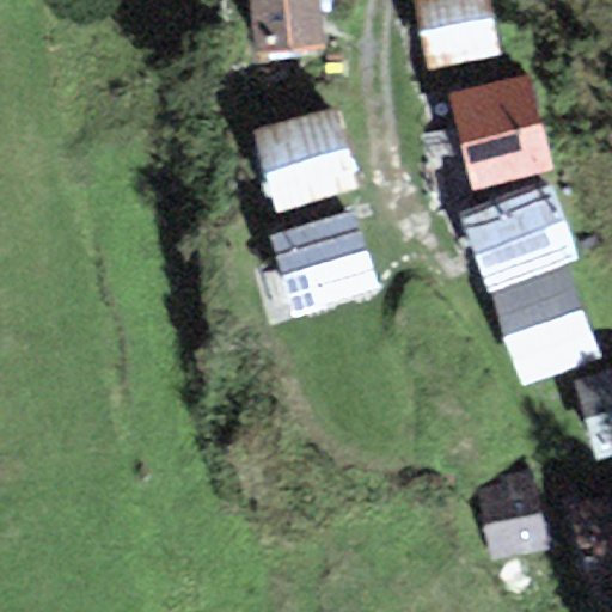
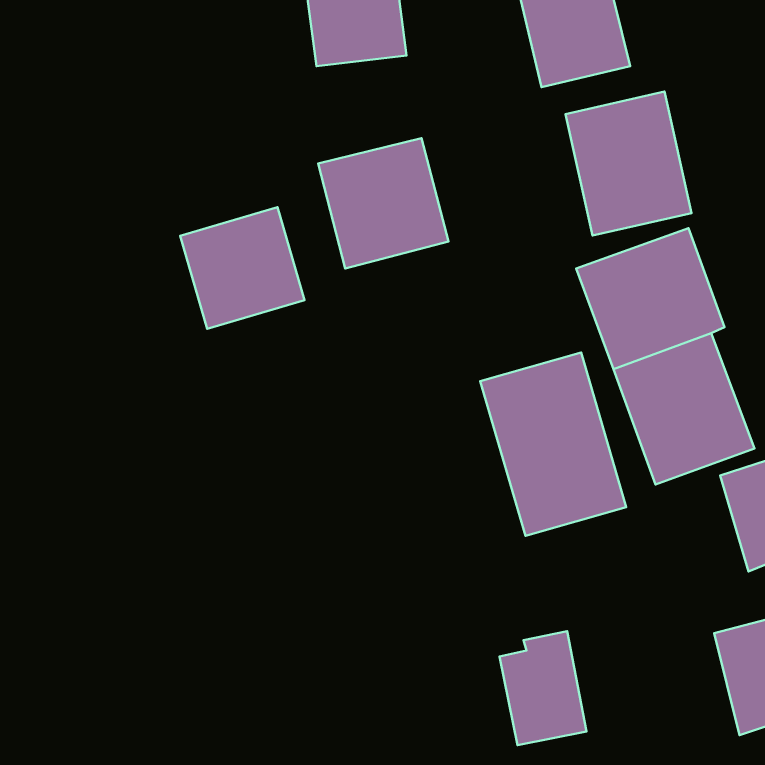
building: [276,216,375,313] -> [180,207,305,329]
building: none -> [480,352,626,536]
building: [479,469,549,559] -> [500,631,587,745]

